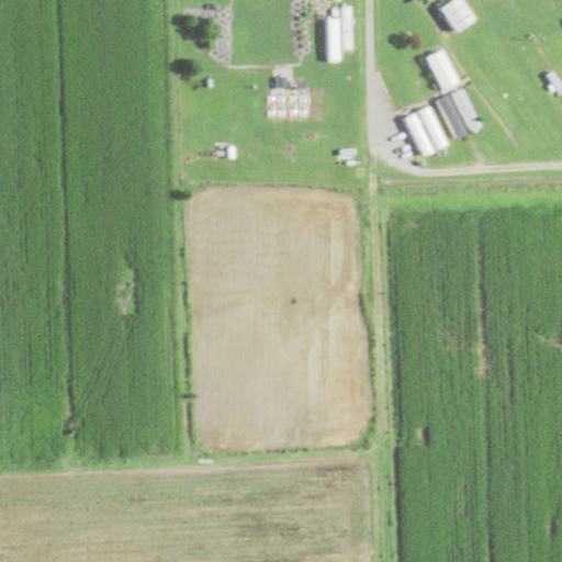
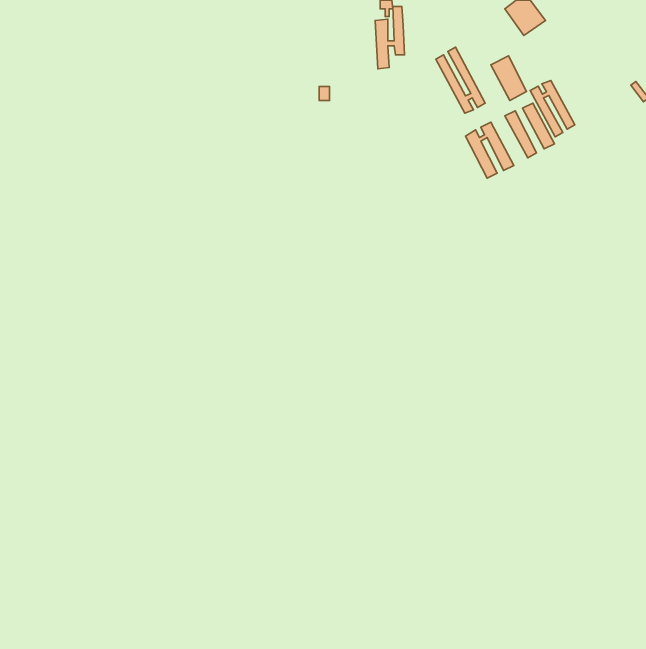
building: none -> [436,47,485,113]
building: none -> [530,80,575,137]

